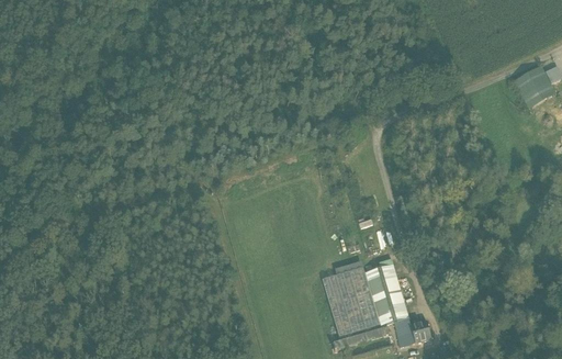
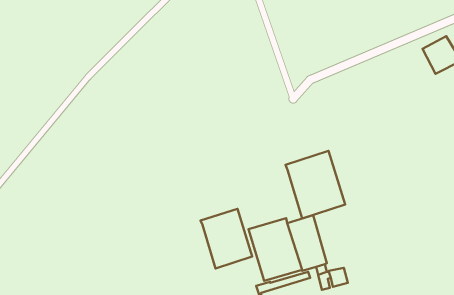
building: none -> [286,151,345,219]
building: none -> [201,209,252,269]

